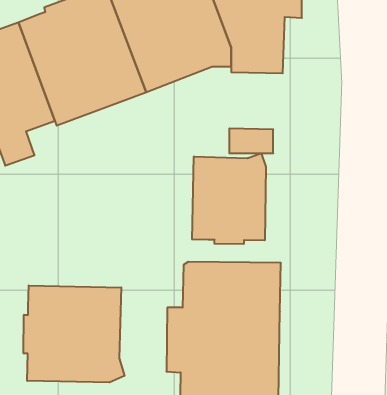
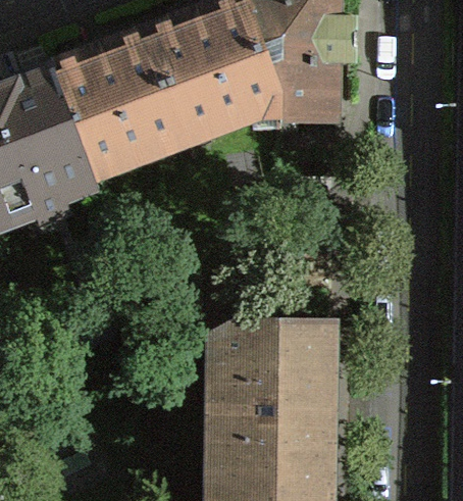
building: [192,153,266,244] -> none
building: [23,285,124,382] -> none

